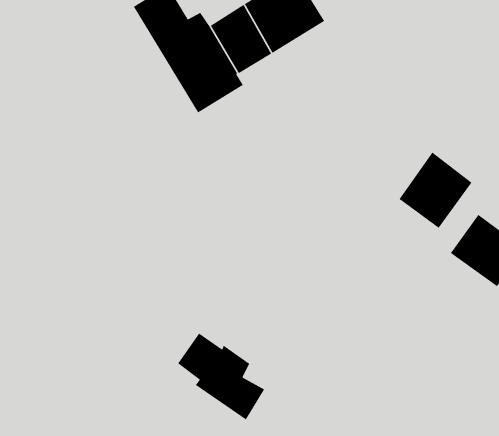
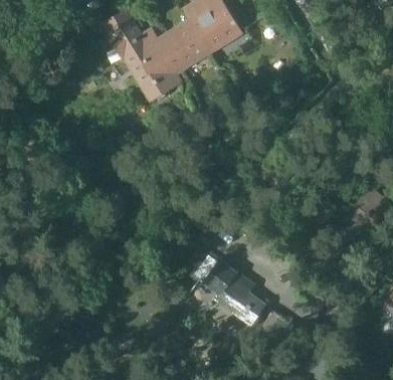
building: [399,151,472,229] -> none
building: [177,332,265,421] -> [201,260,266,326]

